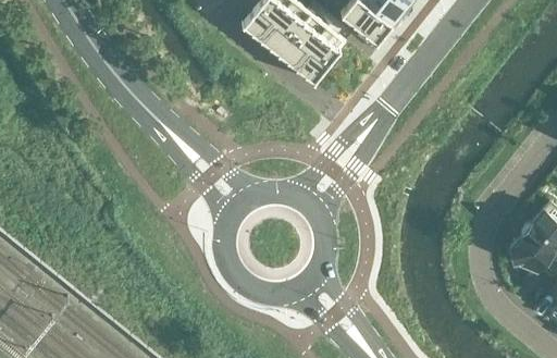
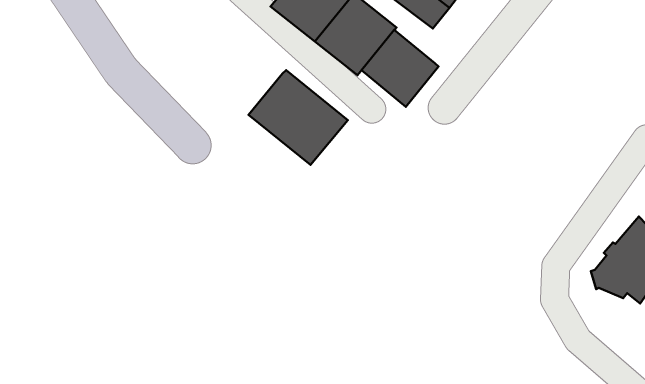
building: none -> [362,30,439,107]
building: none -> [249,70,348,165]

